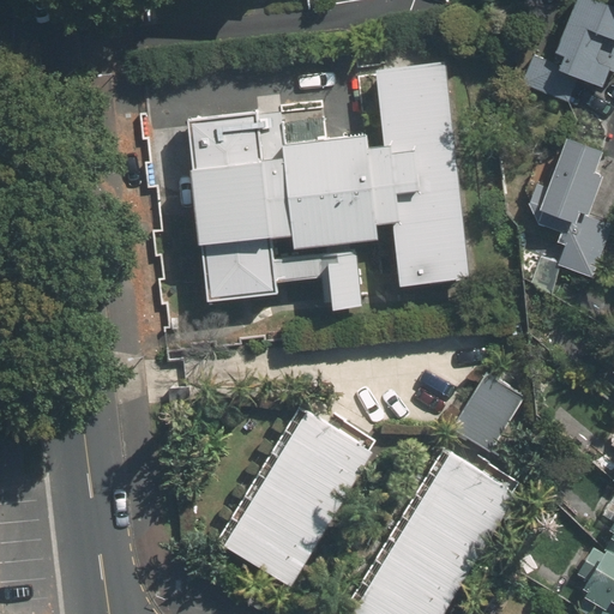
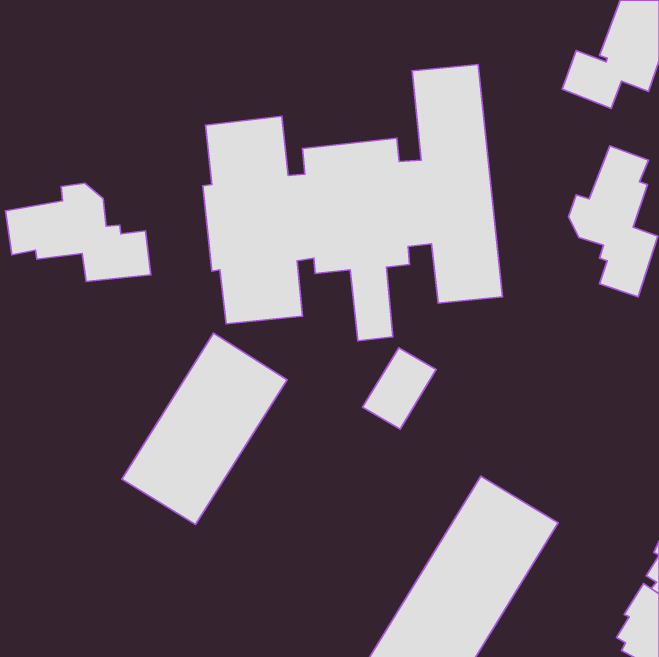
building: none -> [5,183,151,282]
building: [452,374,520,450] -> [363,348,436,429]
building: [219,407,373,584] -> [122,333,287,524]

